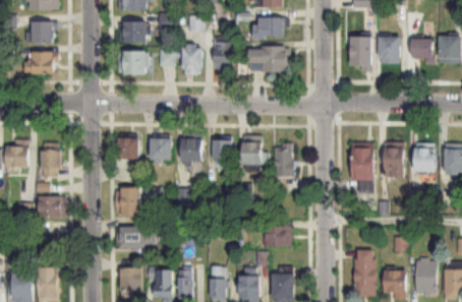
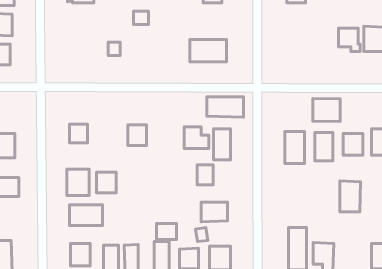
building: [253,18,285,40] -> none
building: [118,22,146,44] -> none
building: [347,35,369,69] -> none
building: [377,35,398,61] -> none
building: [214,39,232,70] -> none
building: [182,48,201,75] -> none
building: [118,53,149,75] -> none
building: none -> [207,97,243,117]
building: none -> [313,98,340,122]
building: [150,139,171,162] -> [97,172,116,193]
building: [213,141,230,163] -> [197,165,213,185]
building: none -> [156,223,176,240]
building: [413,258,436,292] -> [340,181,361,212]

